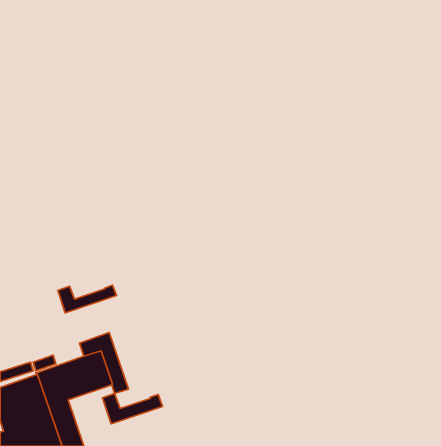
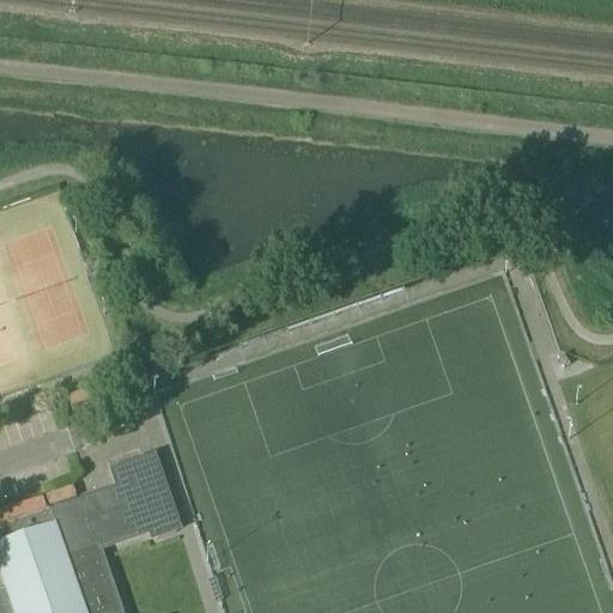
building: [58,285,116,313] -> none
building: [103,394,162,424] -> none

